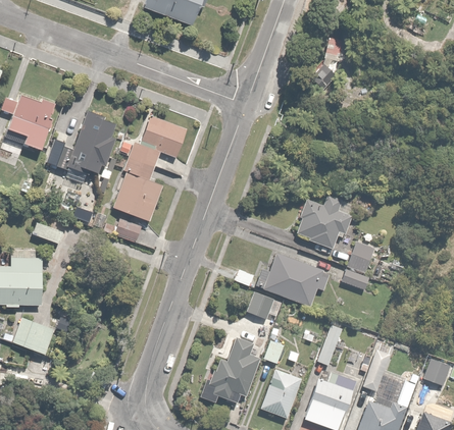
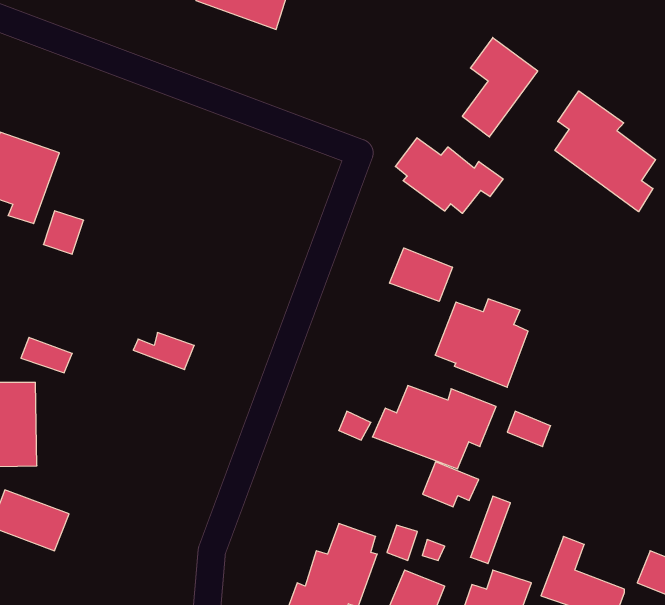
building: none -> [555,91,656,212]
building: none -> [395,138,503,213]
building: [67,112,116,176] -> none
building: [111,115,188,222] -> none
building: none -> [390,248,452,301]
building: [347,241,374,272] -> none
building: [246,290,282,319] -> [423,462,479,507]

